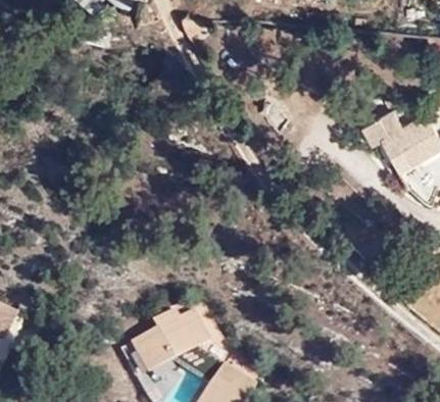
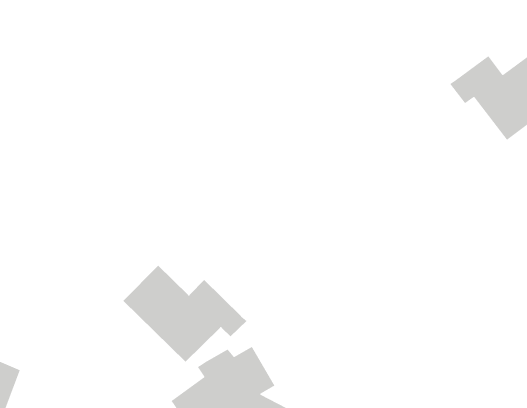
building: none -> [123,265,247,363]

